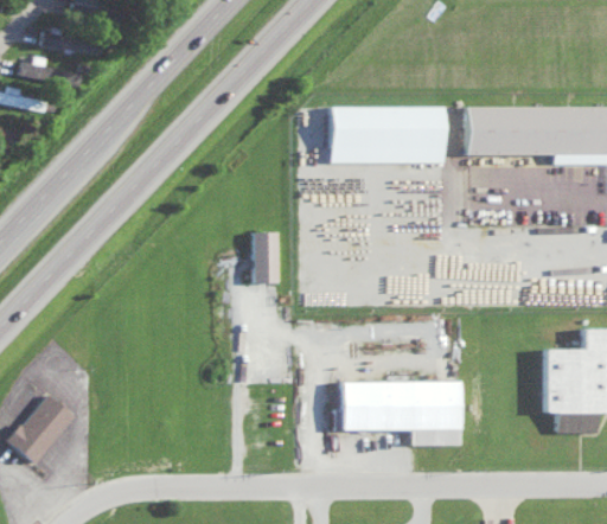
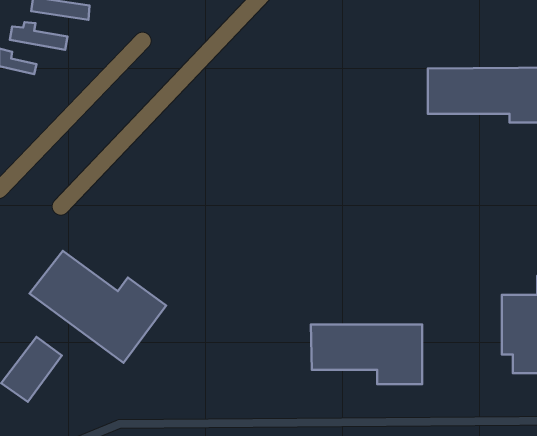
building: [330,107,443,164] -> none
building: [253,232,277,283] -> none
building: none -> [30,251,166,363]

